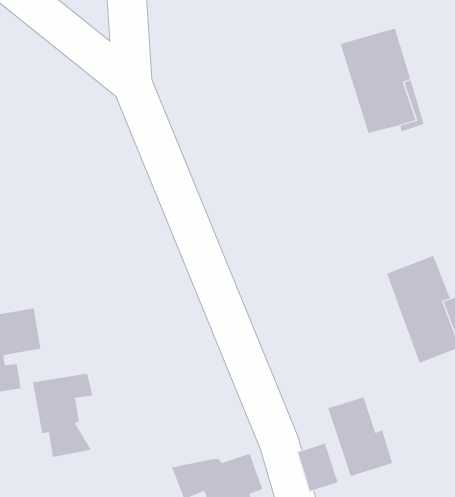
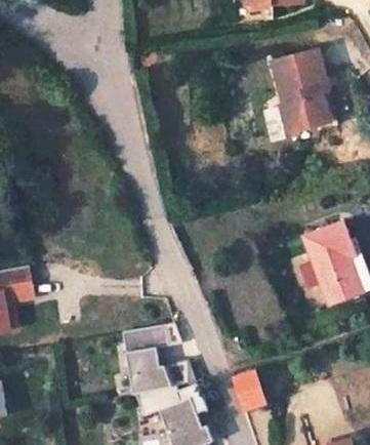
building: [32,373,93,458] -> [123,324,170,390]
building: [328,396,393,477] -> none

